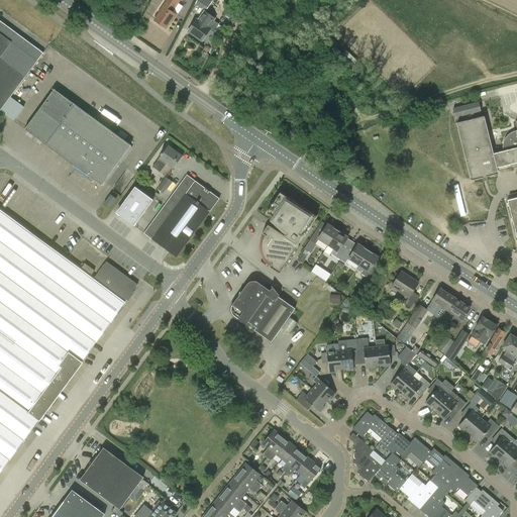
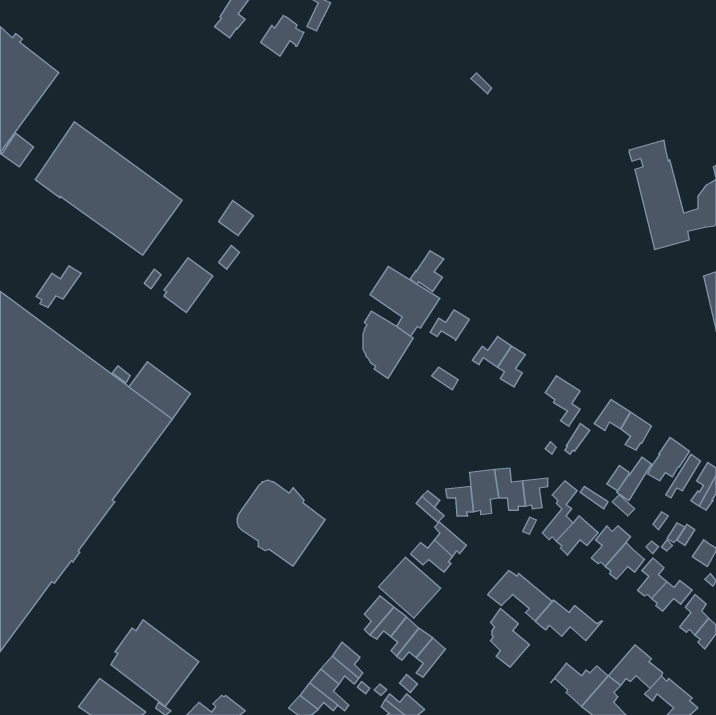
building: [143,174,219,256] -> none
building: none -> [36,266,81,308]
building: [324,230,348,260] -> [410,251,444,292]
building: [231,280,295,341] -> [237,481,325,566]
building: none -> [379,557,441,618]
building: [422,447,457,487] -> none
building: [368,452,406,492] -> none

